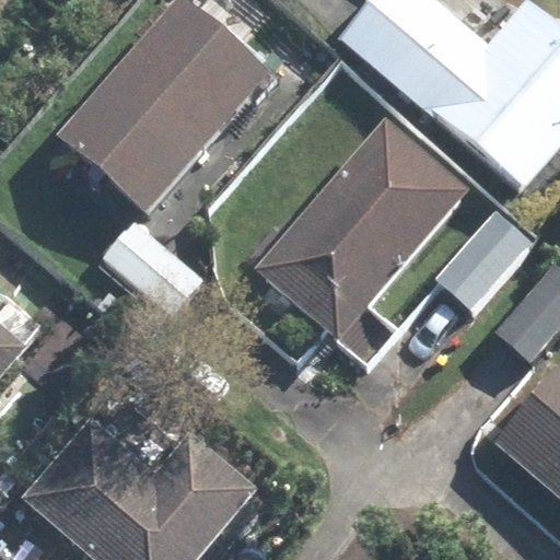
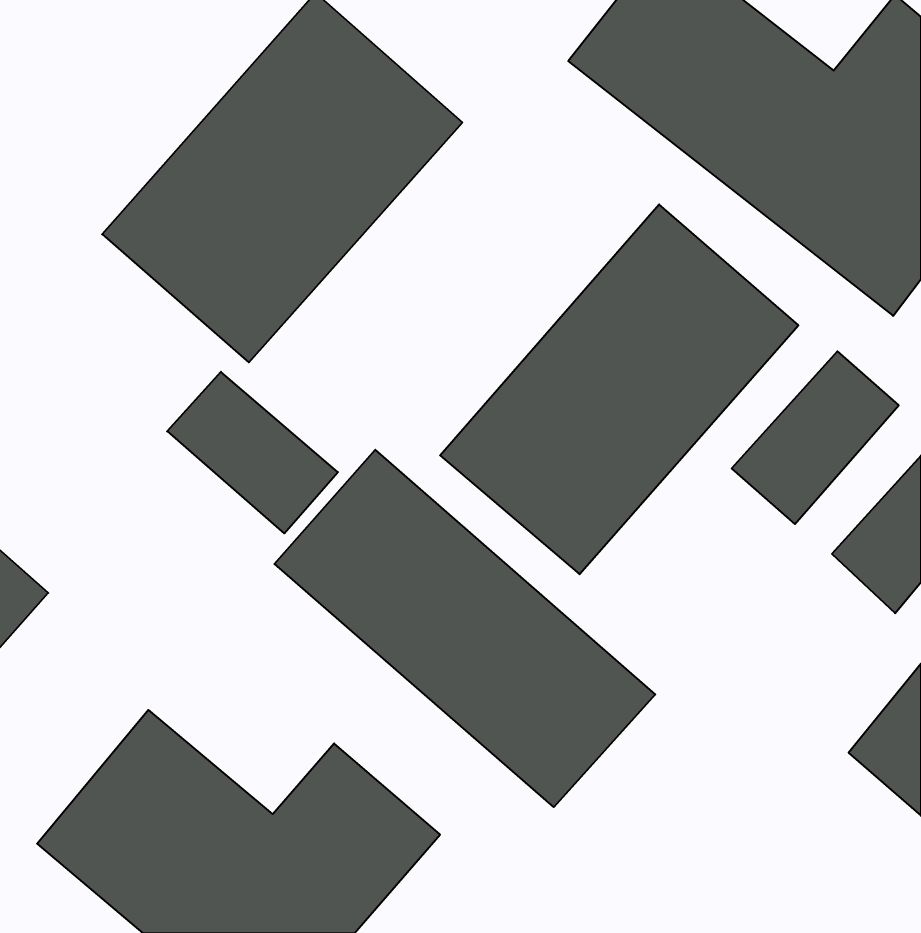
building: none -> [274,450,655,807]

